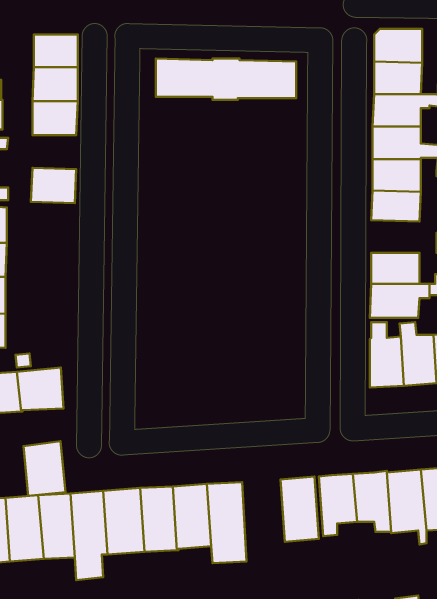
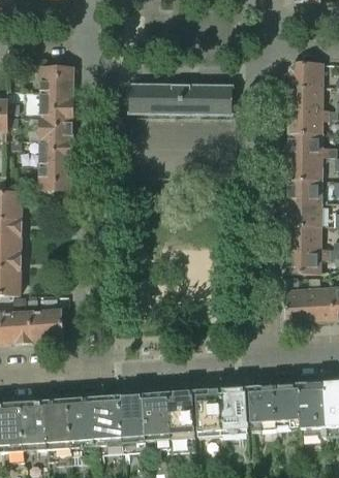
building: none -> [40,139,72,164]
building: none -> [287,201,322,225]
building: [23,441,65,496] -> none
building: none -> [197,390,224,437]

